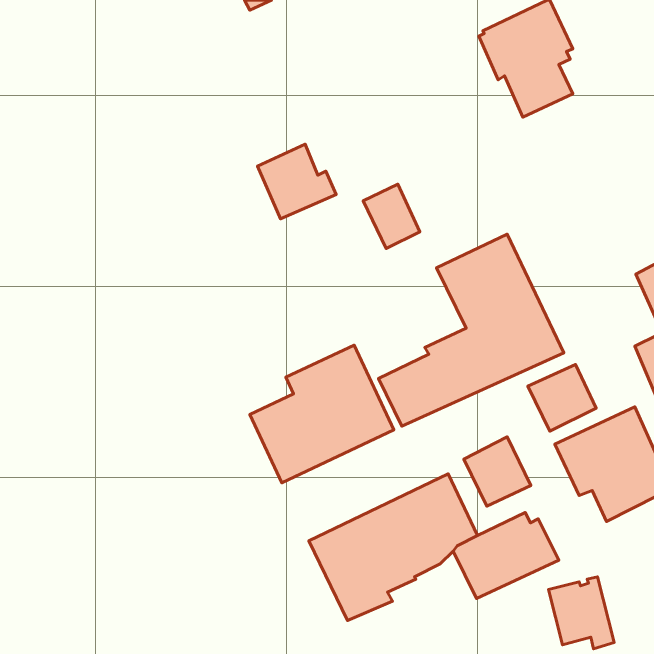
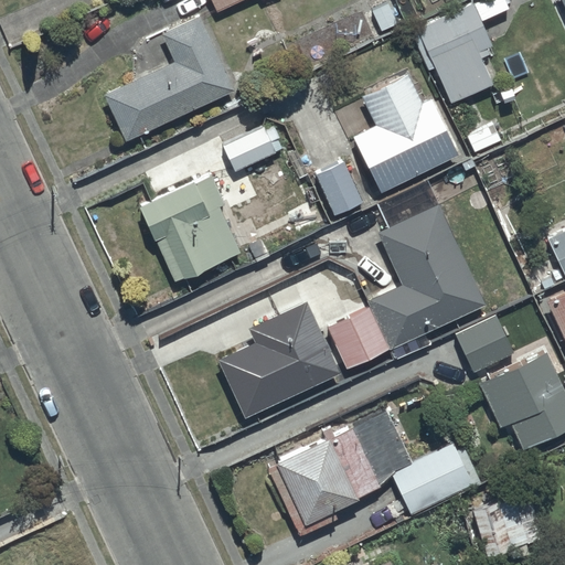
building: none -> [105,15,235,141]
building: none -> [353,74,459,192]
building: none -> [139,174,239,282]
building: [464,437,531,506] -> none

